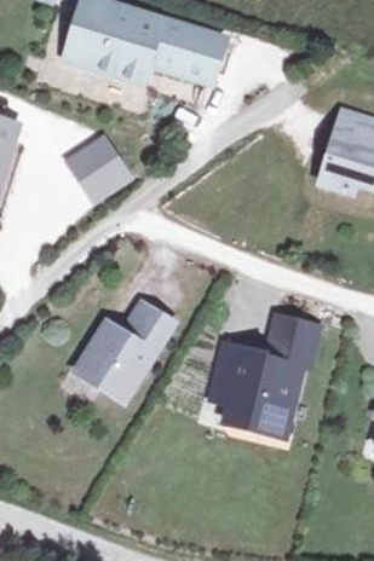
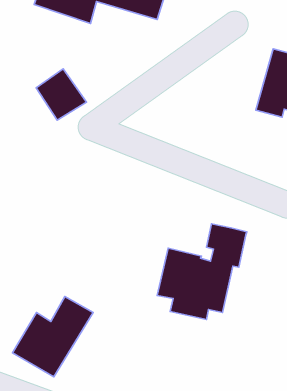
building: [73,293,169,389] -> [12,296,93,377]

